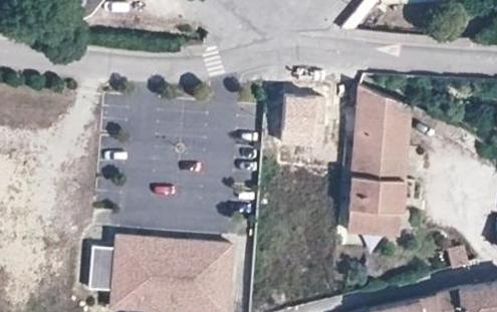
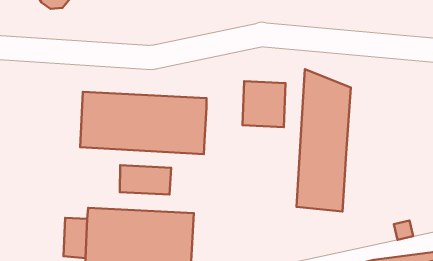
building: none -> [80,92,206,154]
building: none -> [120,165,171,195]

